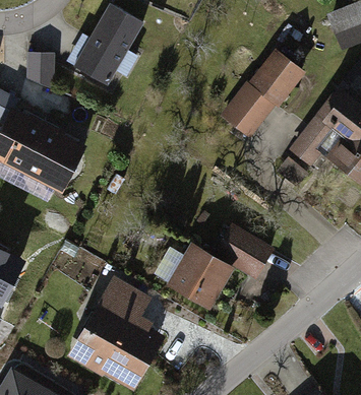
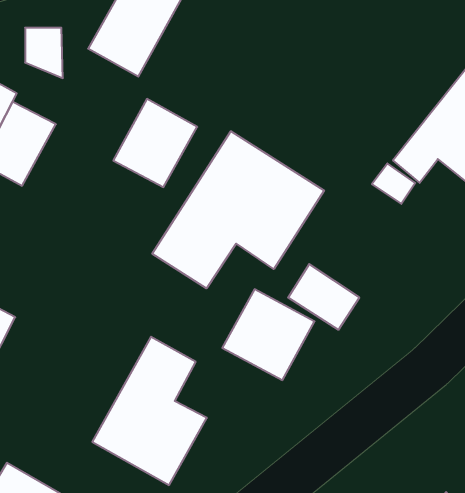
building: [222,55,300,138] -> none
building: [23,126,84,190] -> [113,99,197,187]
building: none -> [152,131,324,288]

